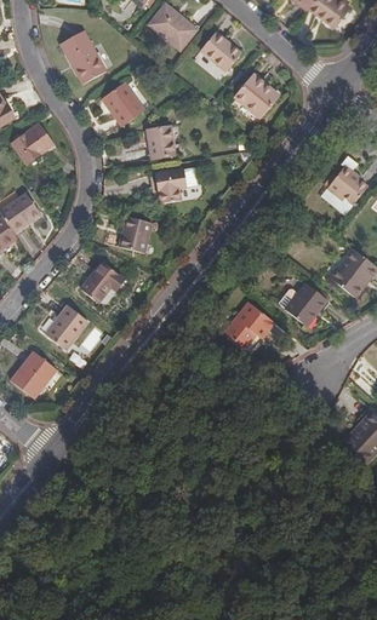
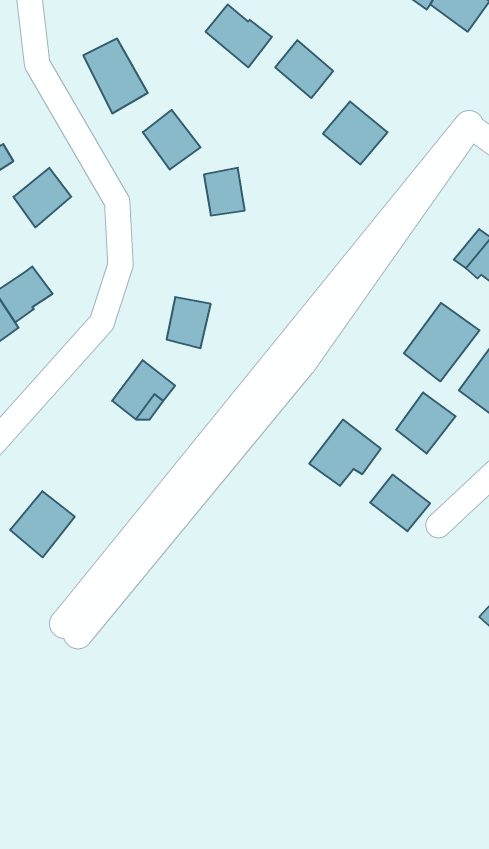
building: [155,167,185,201] -> none
building: none -> [404,303,479,381]
building: [42,304,87,350] -> none
building: none -> [370,475,430,531]

